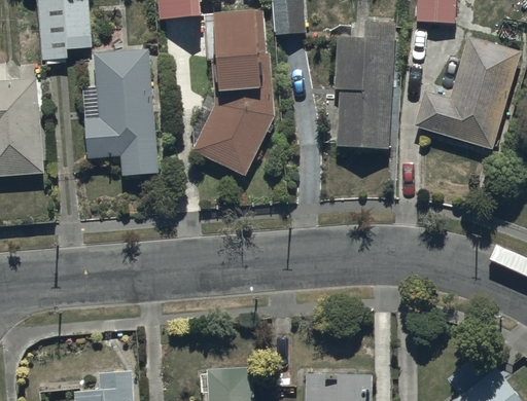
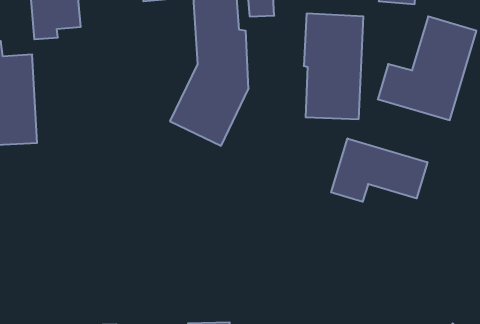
building: [82,48,160,175] -> none
building: none -> [331,138,427,202]

